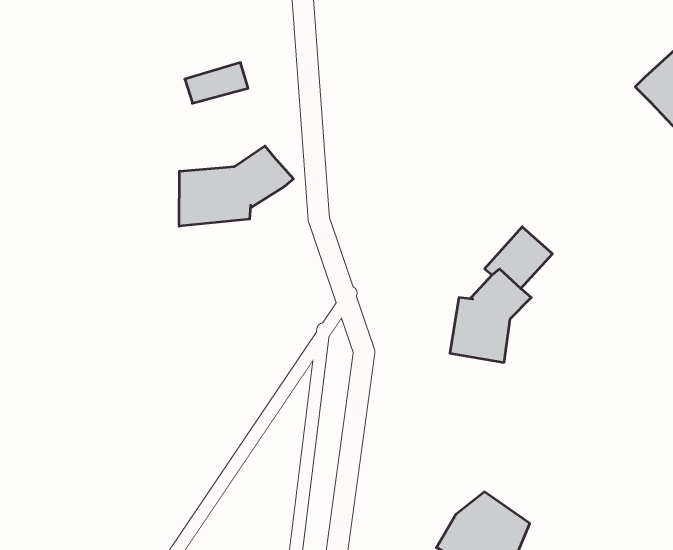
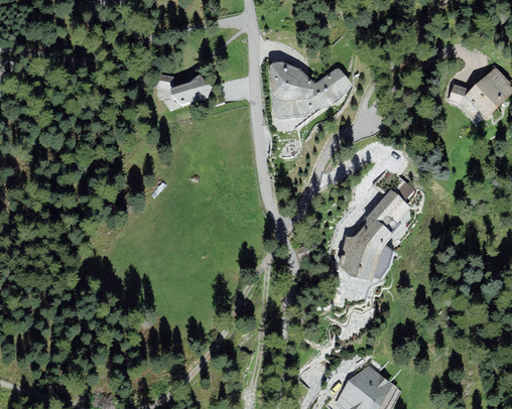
building: none -> [266,60,349,118]
building: none -> [454,85,482,107]
building: [179,146,293,226] -> none

